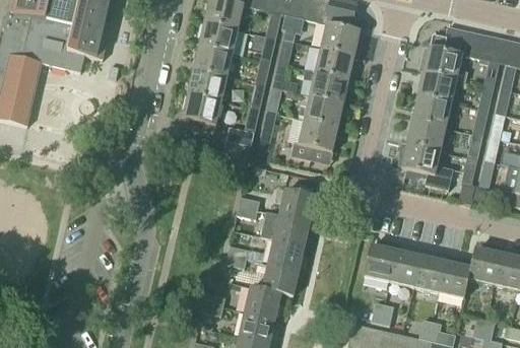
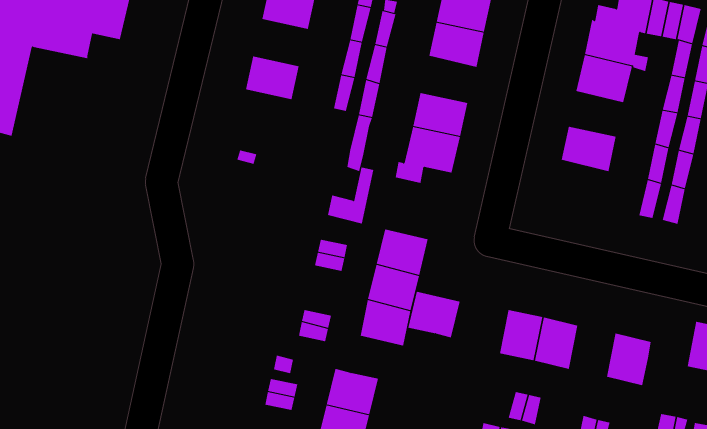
building: [194,45,233,77] -> none
building: [310,70,349,102] -> none
building: [183,93,221,125] -> none
building: [412,94,451,126] -> none
building: [226,107,259,146] -> [327,167,374,224]
building: [399,142,453,190] -> none
building: [468,248,501,285] -> none
building: [413,257,445,292] -> none
building: [262,264,299,296] -> [408,291,460,338]

